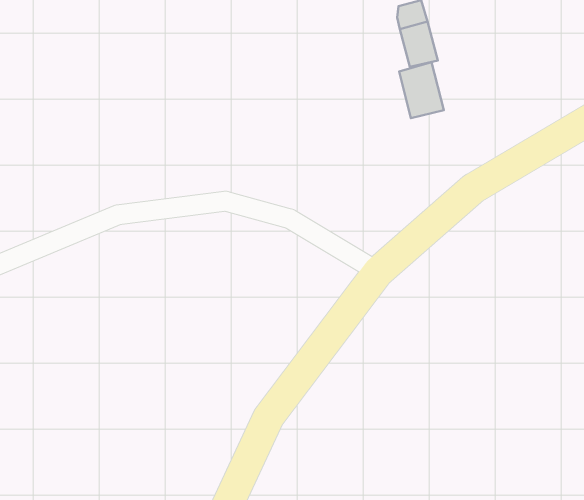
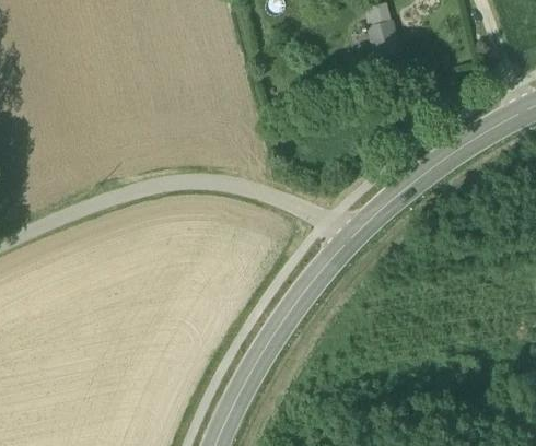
building: [399,62,444,118] -> none

